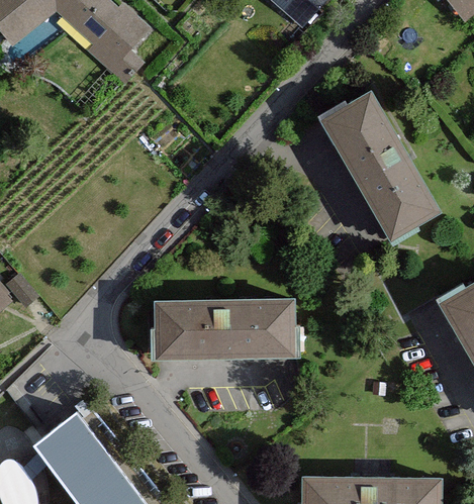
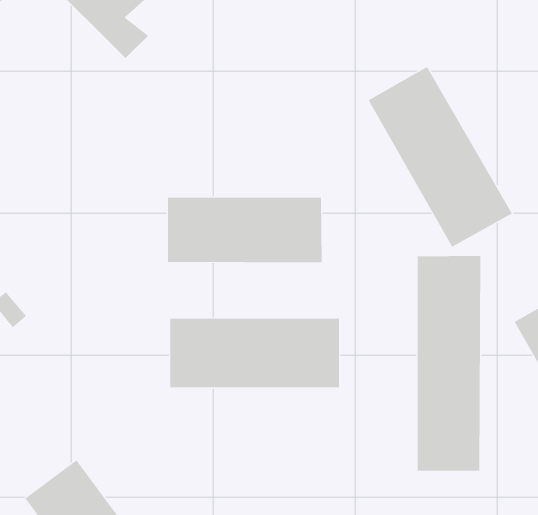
building: none -> [168,197,322,263]
building: none -> [417,255,481,471]

